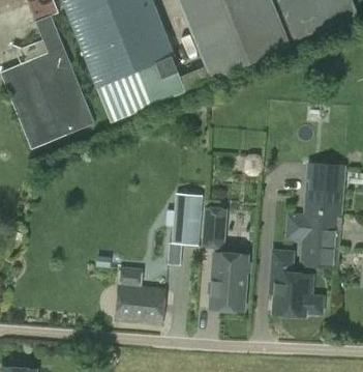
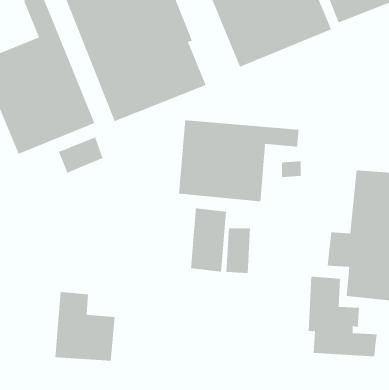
building: none -> [179,120,299,202]
building: none -> [58,136,103,173]
building: [209,250,245,309] -> none
building: [115,267,164,324] -> [55,292,115,361]

